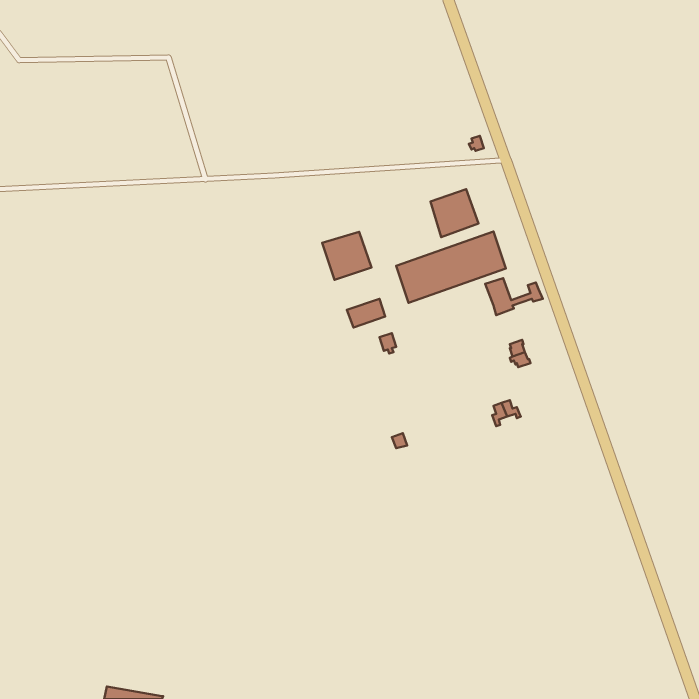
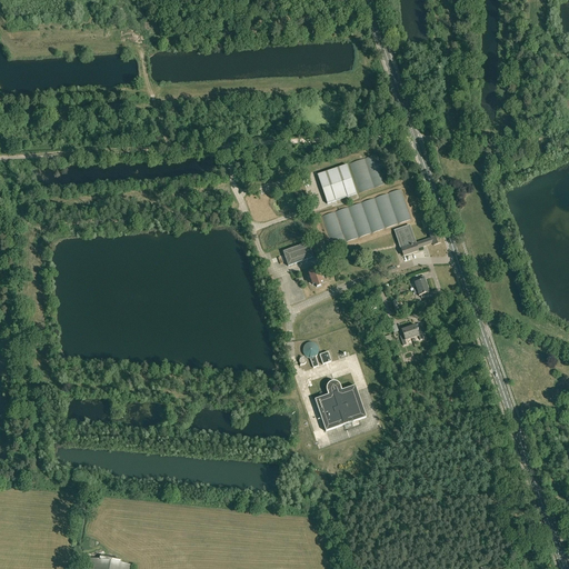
building: [322,232,372,280] -> [316,164,356,203]
building: none -> [313,381,365,431]

